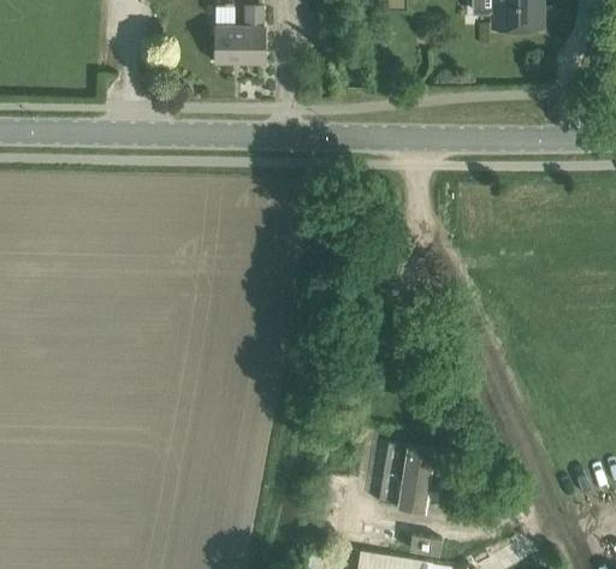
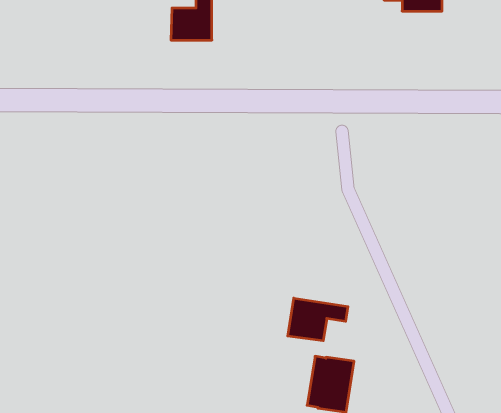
building: none -> [288,298,348,341]

